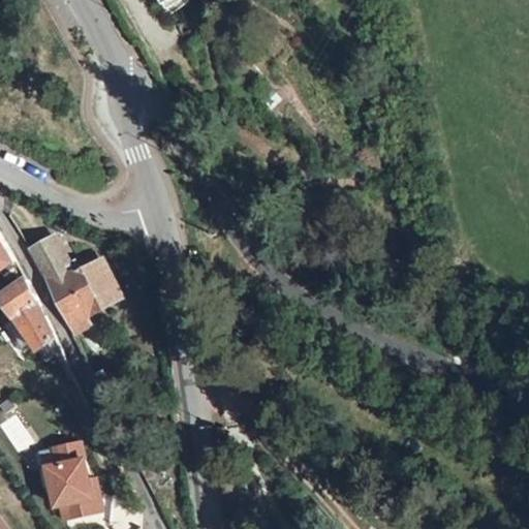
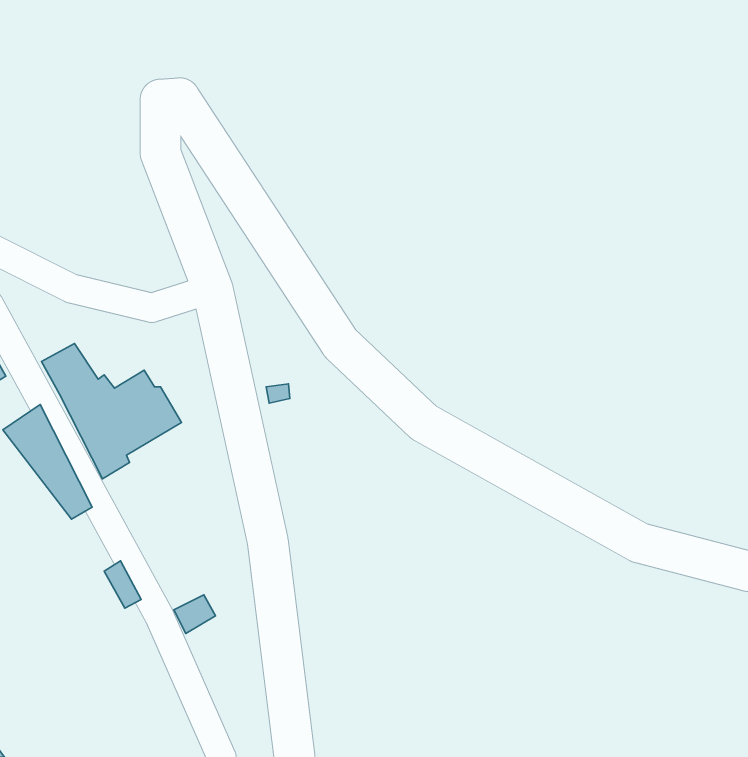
building: [35,438,97,519] -> none

